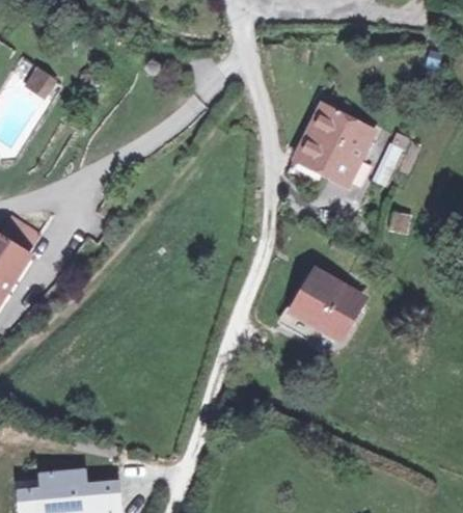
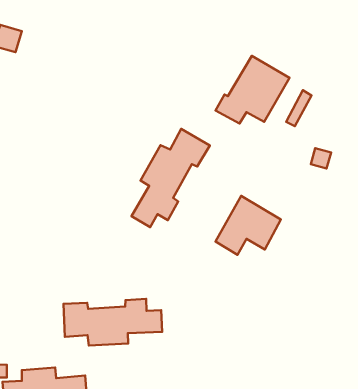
building: none -> [131,129,210,227]
building: none -> [64,299,162,345]

